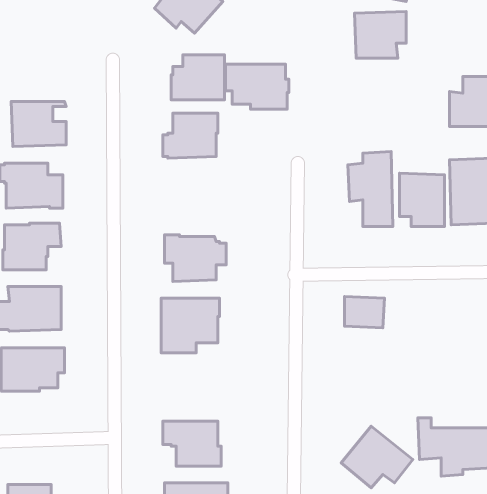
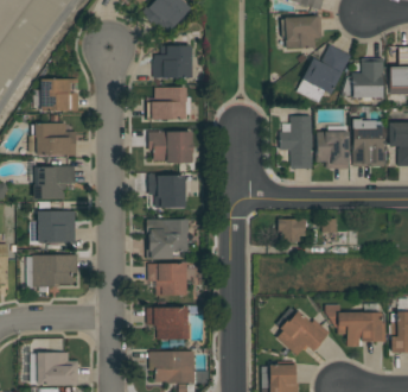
building: none -> [301,44,351,95]
building: [226,64,289,109] -> [149,132,195,164]
building: none -> [148,264,187,296]

